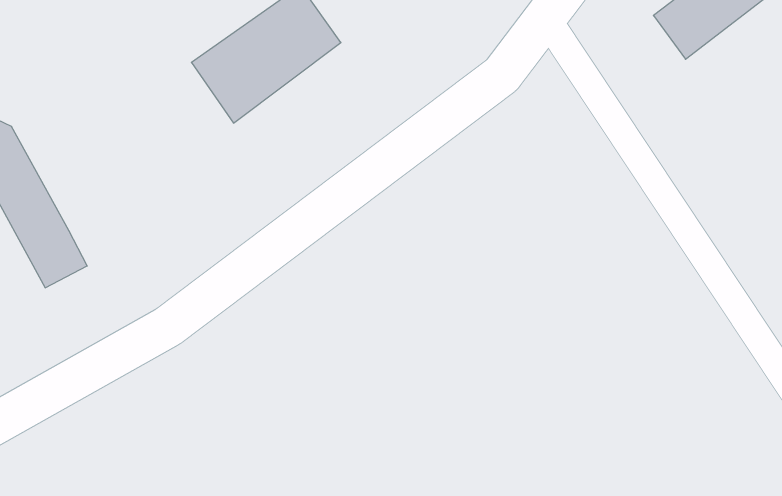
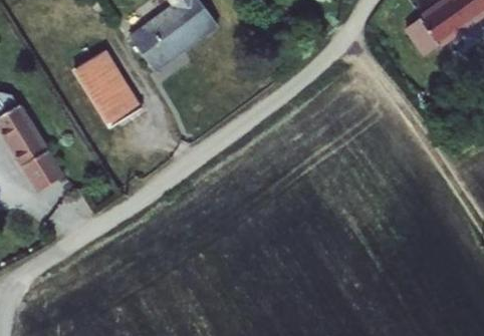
building: none -> [60,27,140,124]

